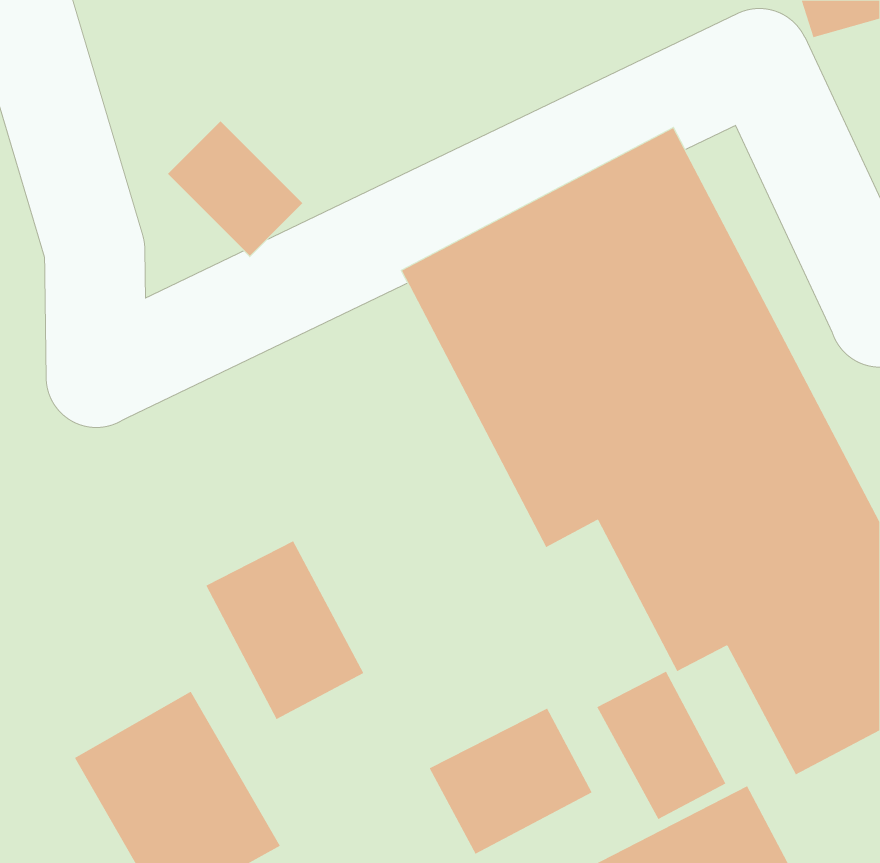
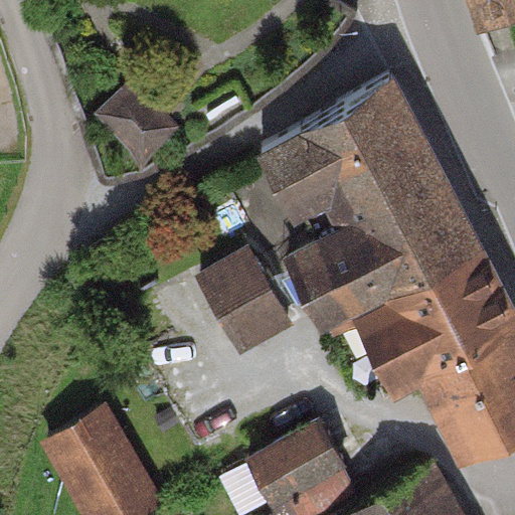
building: [206,541,364,720] -> [202,254,295,359]
building: [596,671,726,820] -> none

